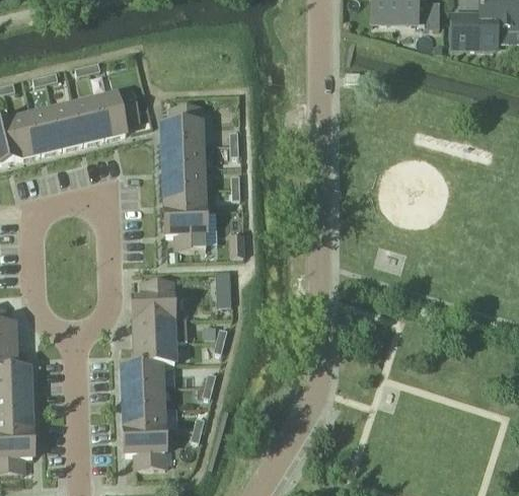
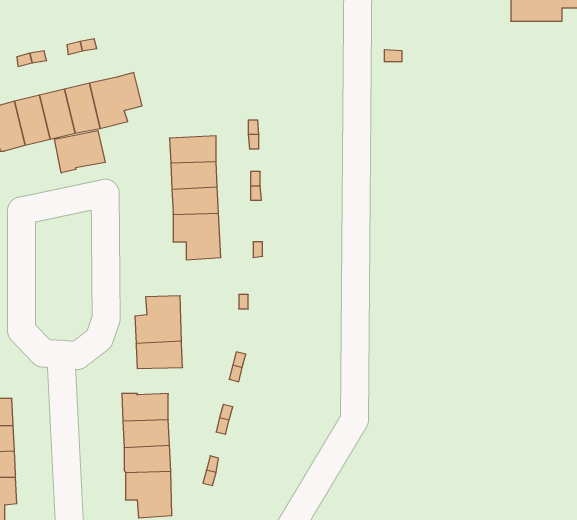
building: [161,107,202,146] -> none
building: none -> [55,131,105,173]
building: [135,341,174,364] -> none

